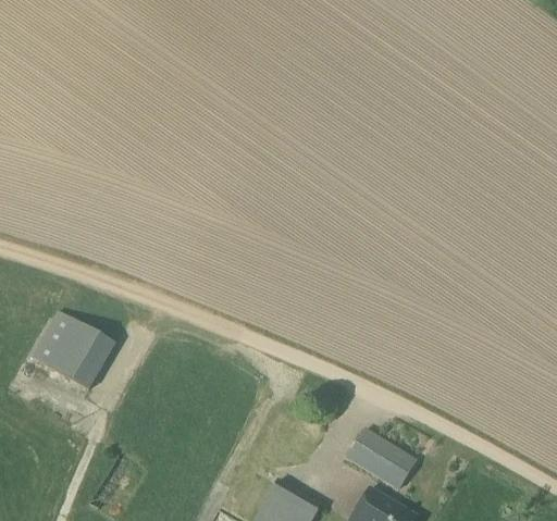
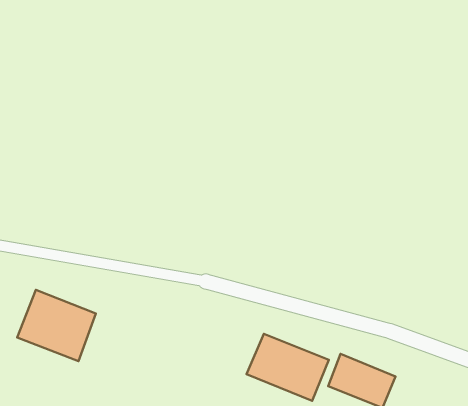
building: none -> [246,334,329,401]

